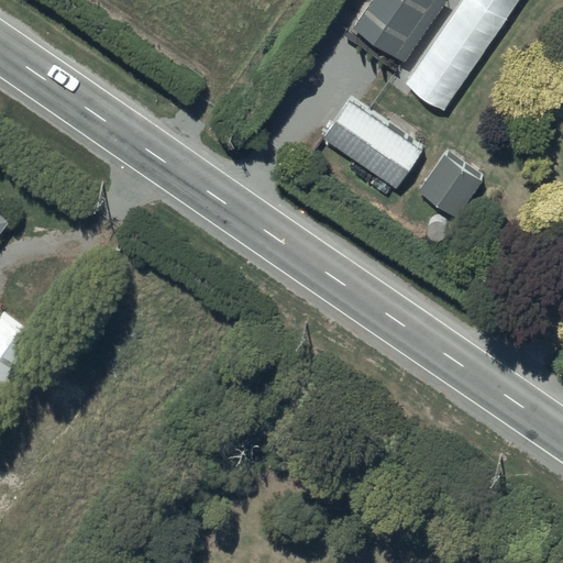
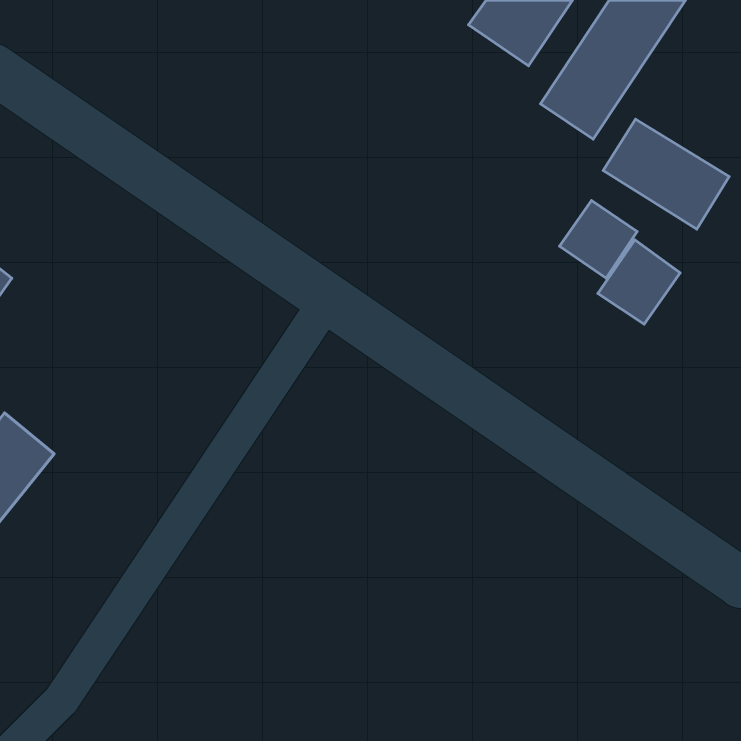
building: [322,102,417,185] -> [603,119,729,229]
building: none -> [598,240,680,324]

